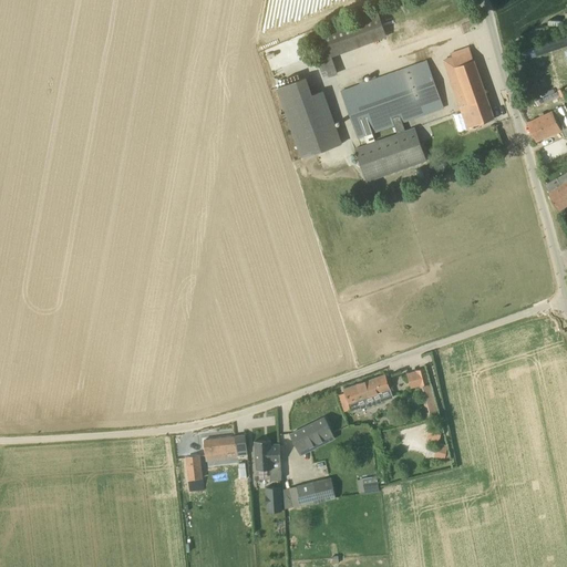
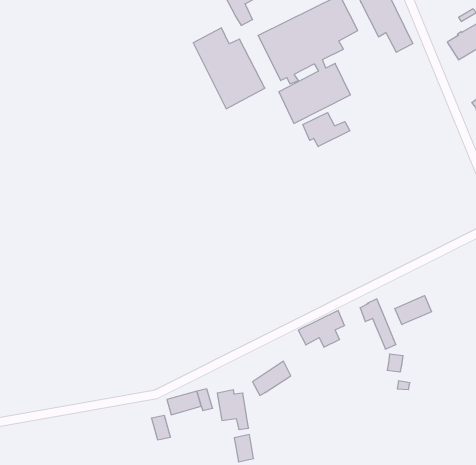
building: none -> [303,113,350,147]
building: none -> [395,296,432,325]
building: [296,477,336,506] -> none

